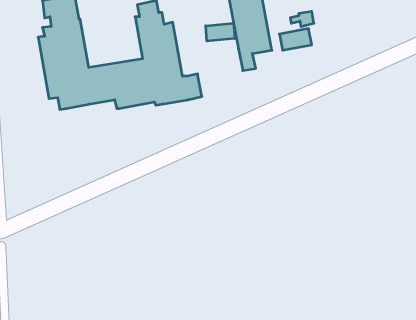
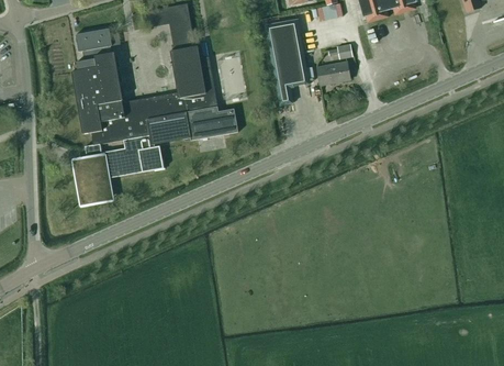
building: [206,23,235,41] -> none
building: none -> [75,134,164,201]

